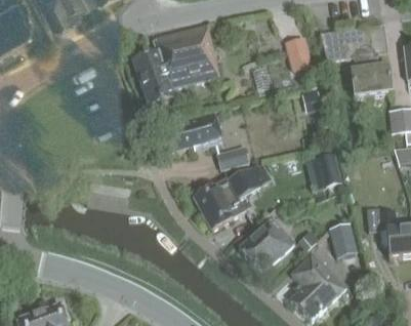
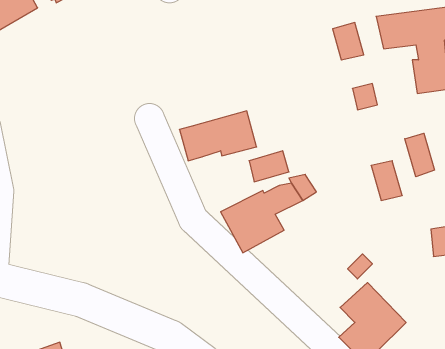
building: [131,26,217,105] -> none
building: none -> [405,133,434,177]
building: [237,218,294,273] -> none
building: [327,222,356,257] -> none

